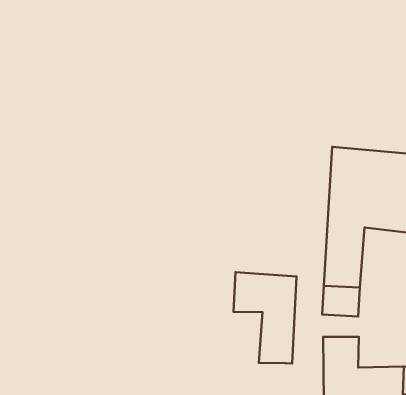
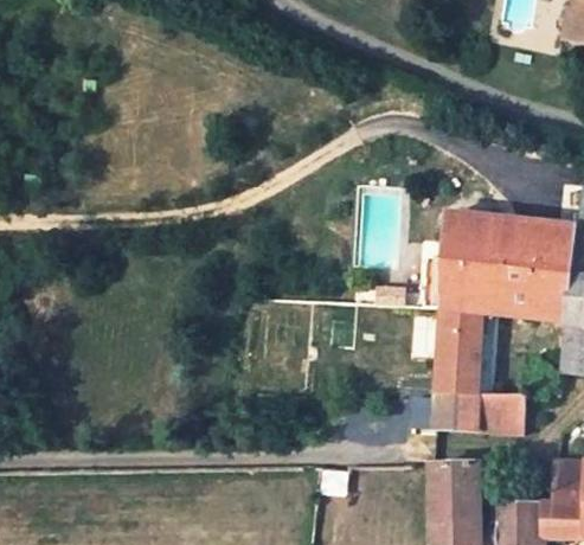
building: [233,272,296,363] -> none
building: none -> [479,396,524,436]

